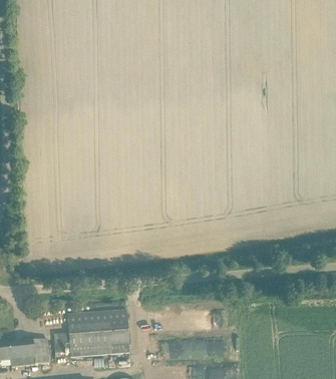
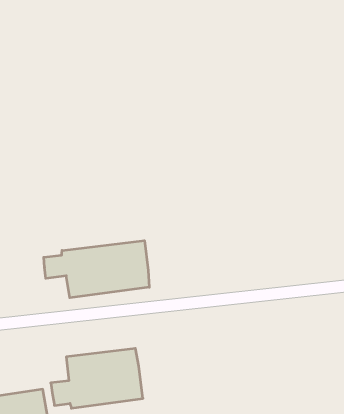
building: none -> [44,241,149,298]

